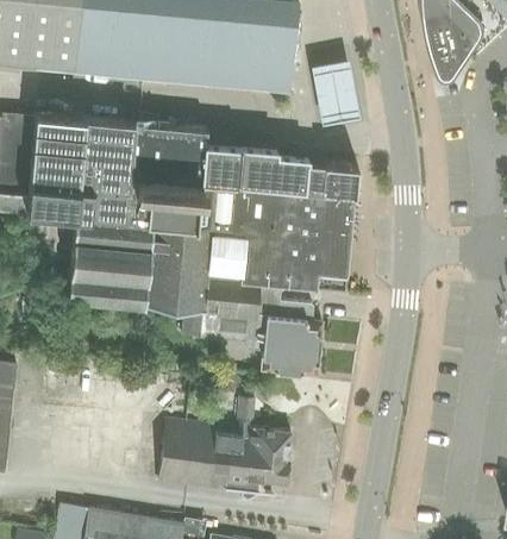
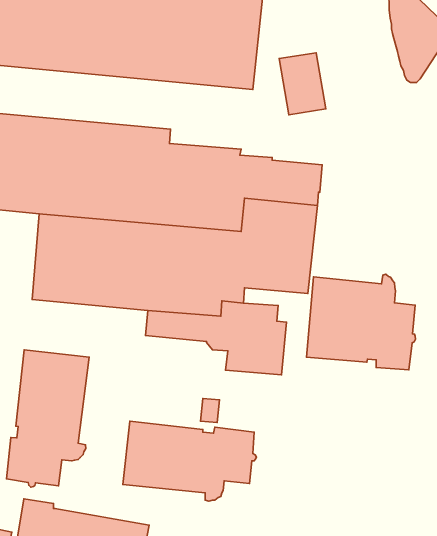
building: none -> [307,274,416,370]
building: none -> [6,350,89,487]

